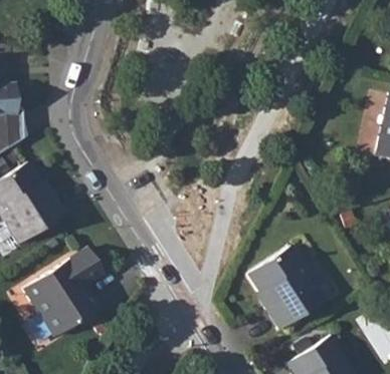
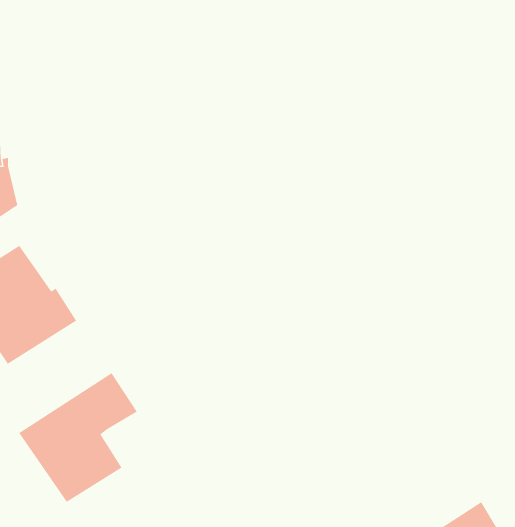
building: [249,246,326,328] -> none

